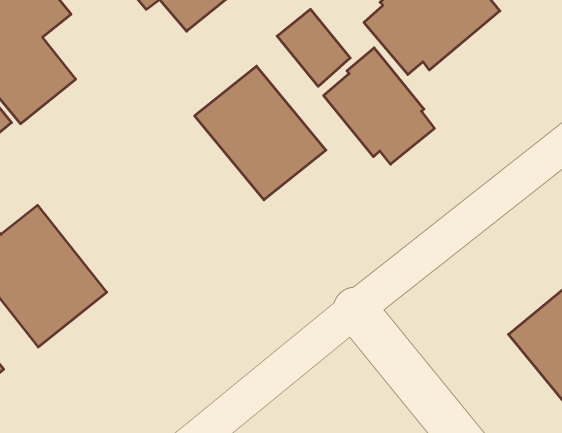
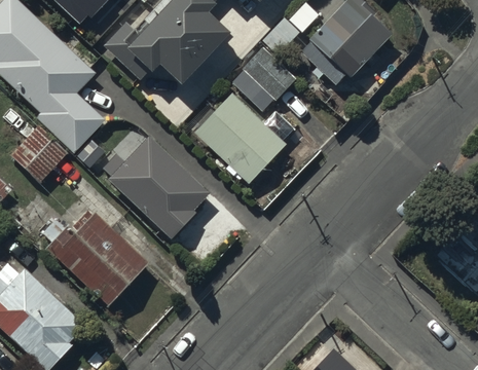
building: [324,48,434,164] -> none
building: none -> [109,135,209,235]

